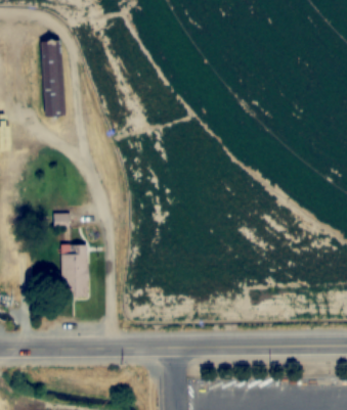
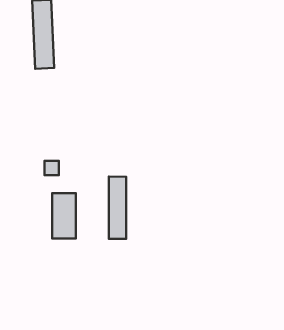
building: none -> [109,177,126,239]

